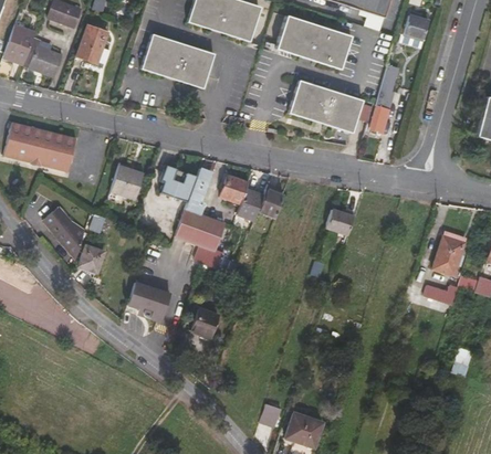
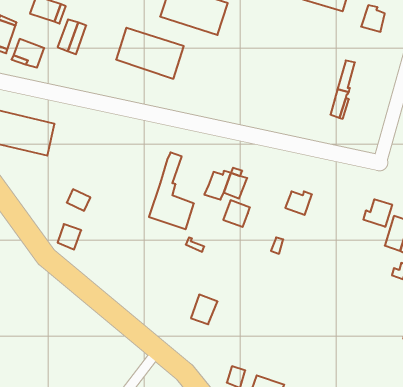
building: [279,13,353,66] -> none
building: [292,78,365,130] -> none
building: [108,163,140,197] -> none
building: [159,171,196,201] -> none
building: [219,175,248,203] -> [223,200,250,227]
building: [40,207,83,263] -> none
building: none -> [363,199,392,227]
building: [127,282,169,324] -> none
building: [190,306,219,338] -> [191,295,218,324]

